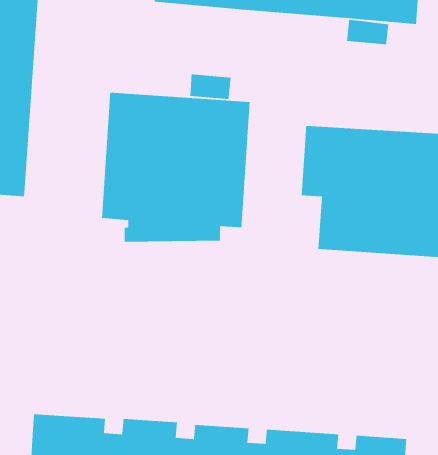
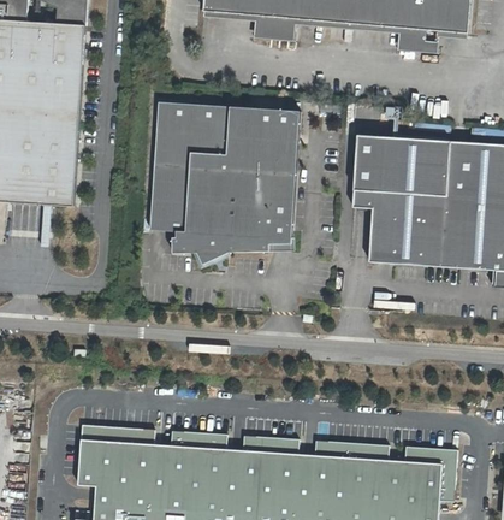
building: [190,74,231,100] -> [253,17,295,43]

